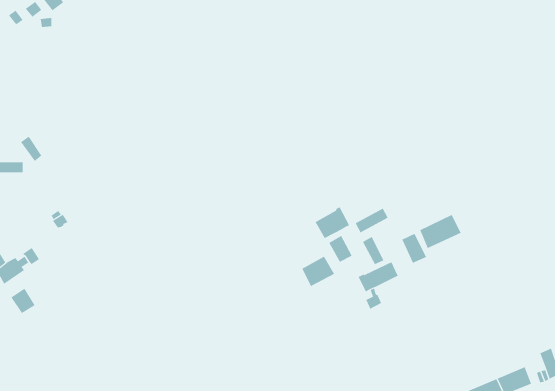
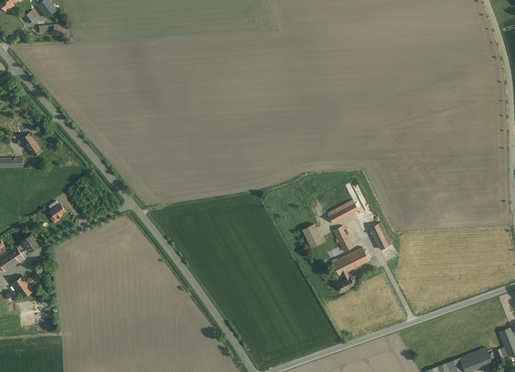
building: [315,207,350,239] -> none
building: [420,214,462,249] -> none
building: [302,256,335,287] -> none

